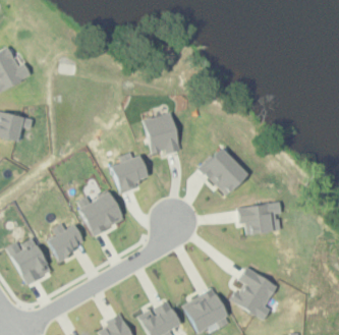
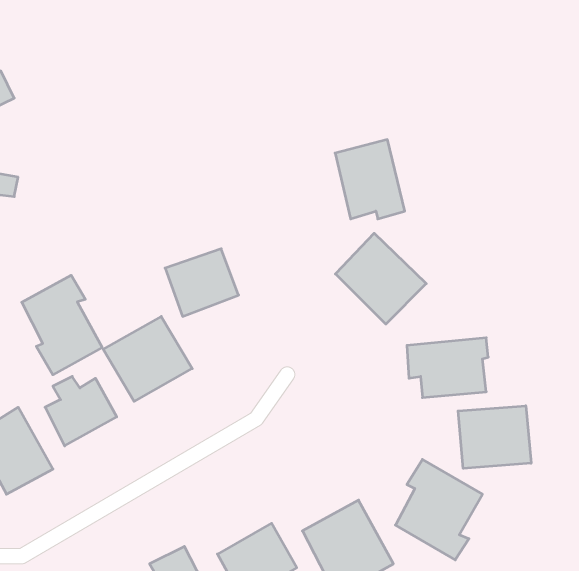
building: [144,111,180,153] -> [335,140,405,219]
building: none -> [22,275,102,375]
building: none -> [458,406,531,468]

